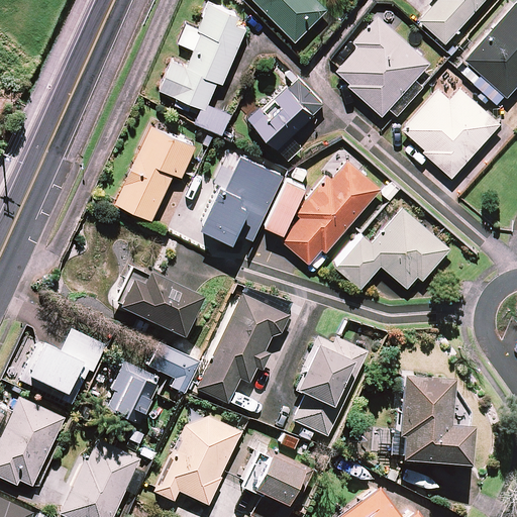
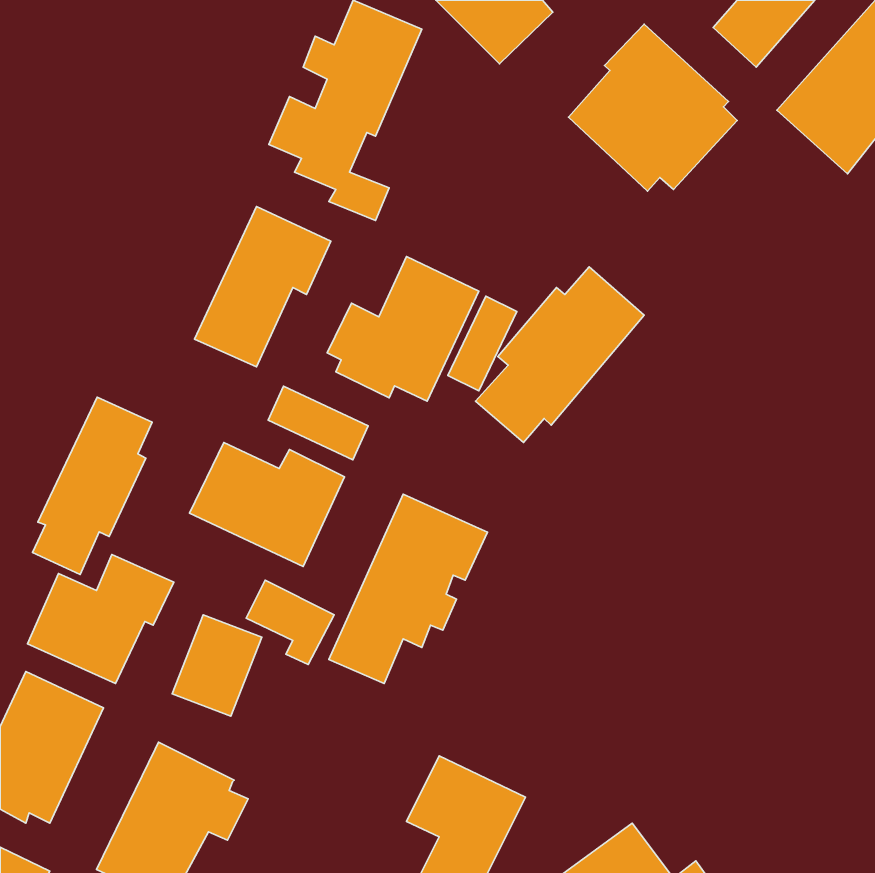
building: [251,77,324,161] -> none
building: [404,88,500,177] -> none
building: [336,208,450,288] -> none
building: none -> [268,386,368,460]
building: none -> [33,397,152,575]
building: [292,338,367,438] -> none
building: [392,375,469,462] -> none
building: [154,416,239,505] -> none

